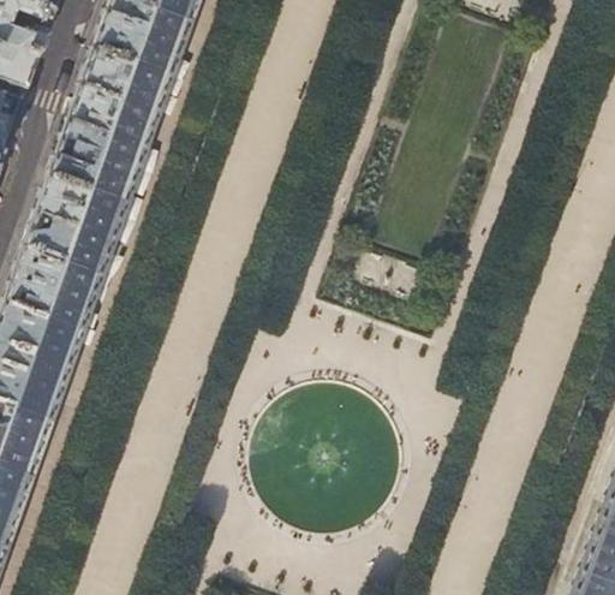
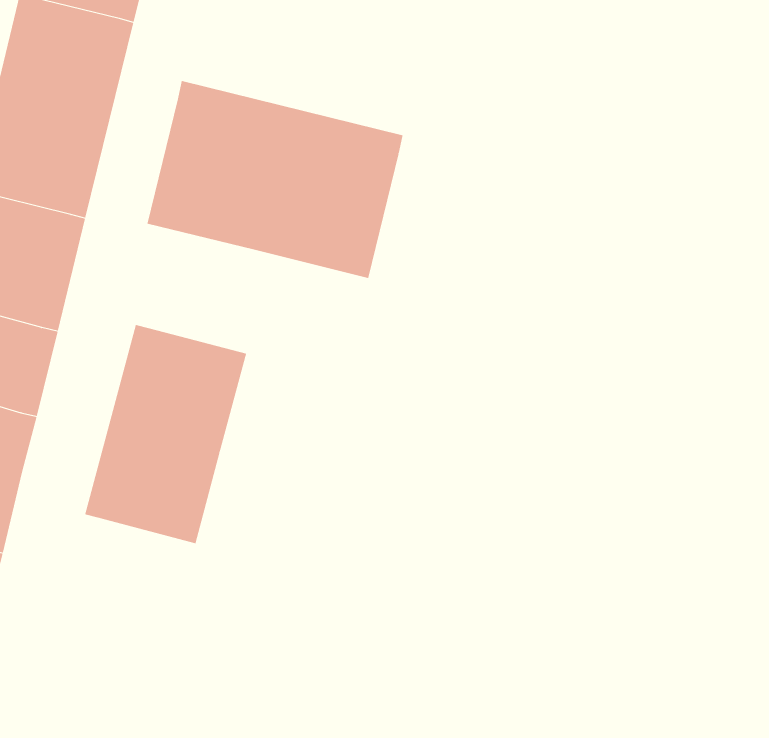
building: none -> [147,80,403,279]
building: none -> [84,324,247,544]

